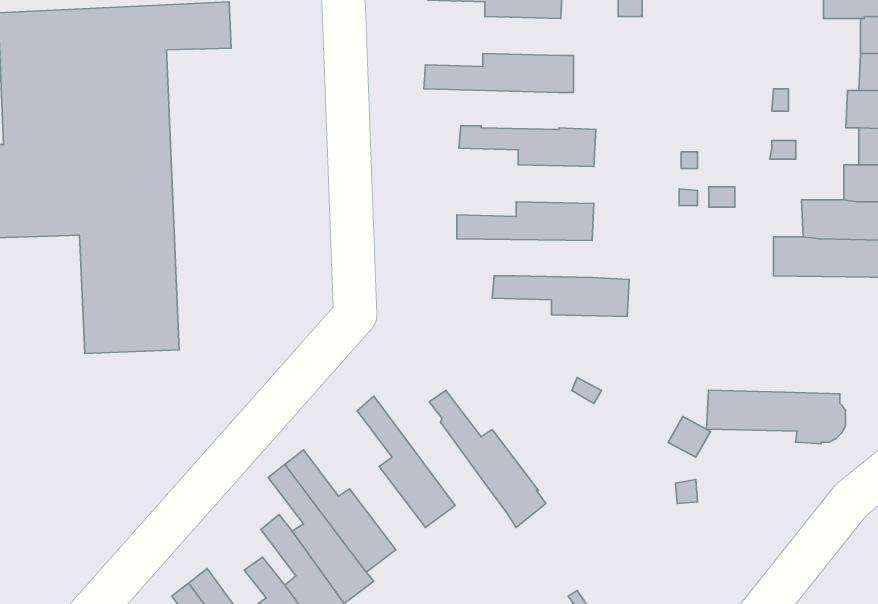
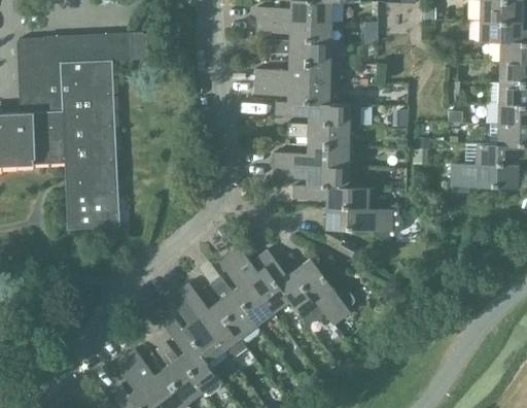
building: none -> [270,41,331,63]
building: none -> [255,81,330,104]
building: none -> [288,123,350,145]
building: none -> [274,165,349,186]
building: none -> [227,245,289,313]
building: [707,390,845,444] -> [325,207,402,237]
building: none -> [293,258,351,326]
building: none -> [210,276,260,343]

